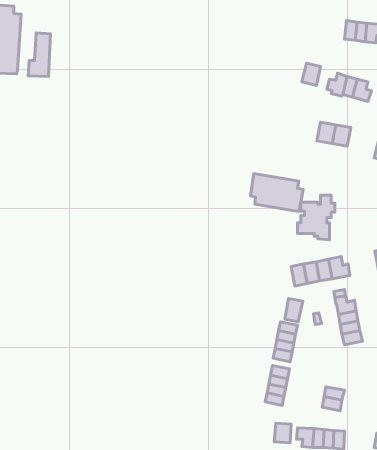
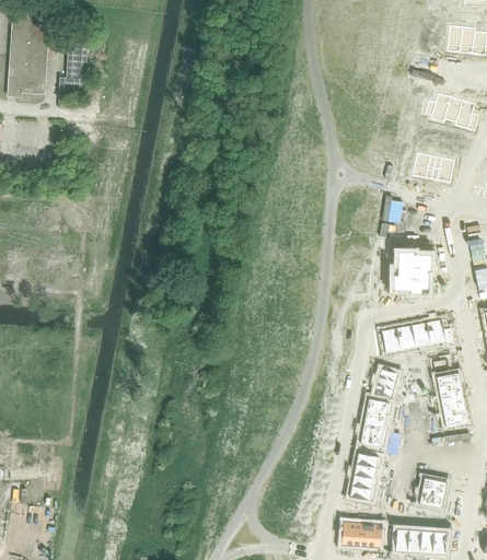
building: [302,63,321,86] -> none
building: [250,173,303,211] -> none
building: none -> [341,522,362,546]

